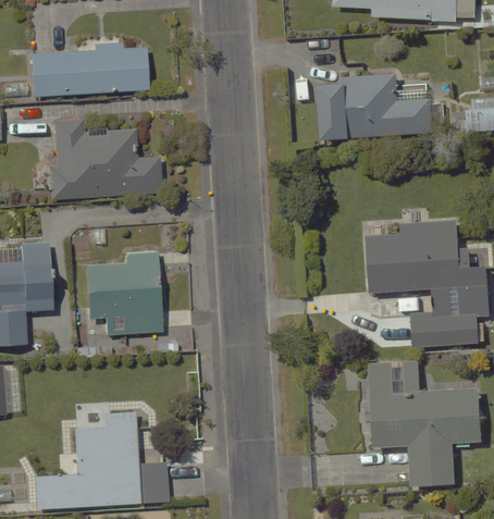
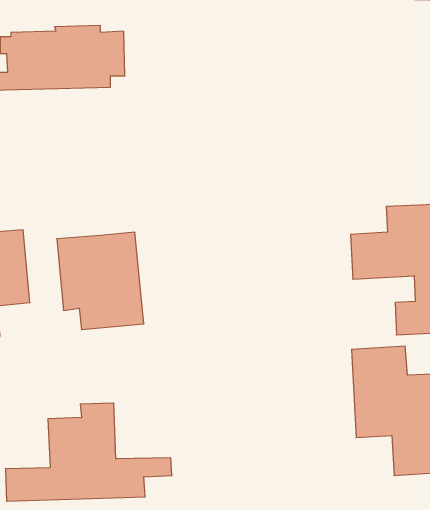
building: [316,75,436,143] -> none
building: [48,122,164,206] -> none

